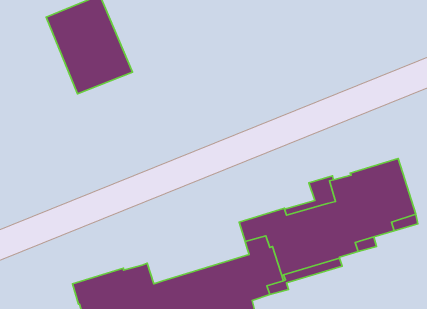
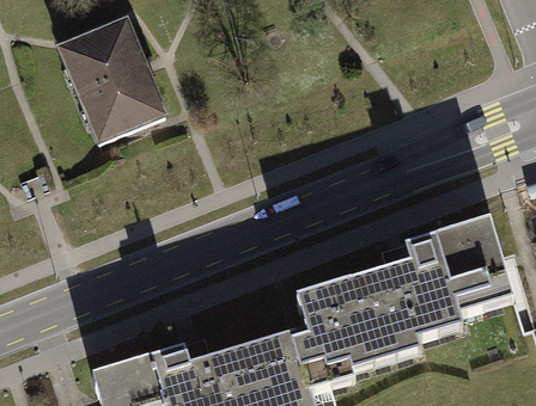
building: none -> [176,327,307,370]

